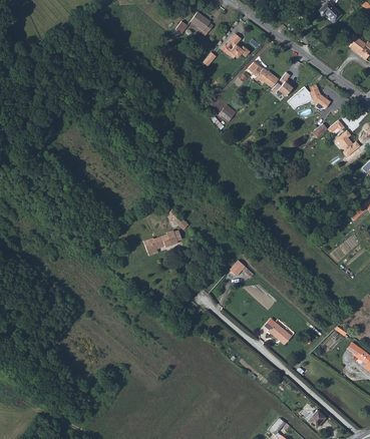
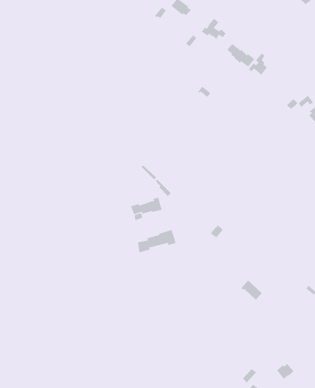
building: [287,86,331,109] -> none
building: none -> [137,229,176,253]

